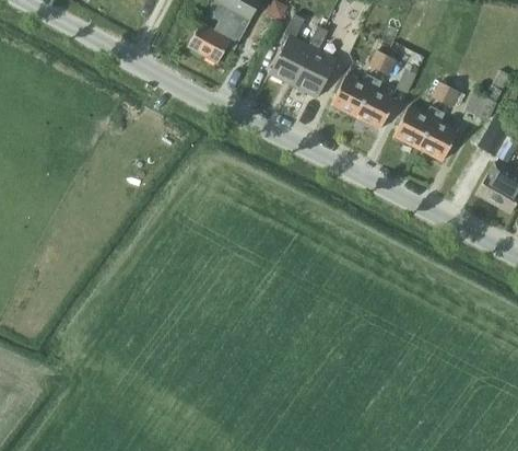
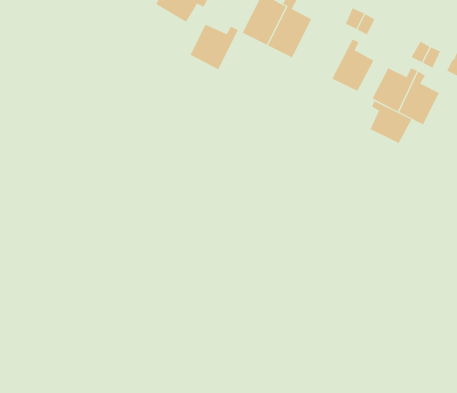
building: none -> [190,24,239,70]
building: [331,73,375,116] -> none
building: none -> [370,100,412,144]

